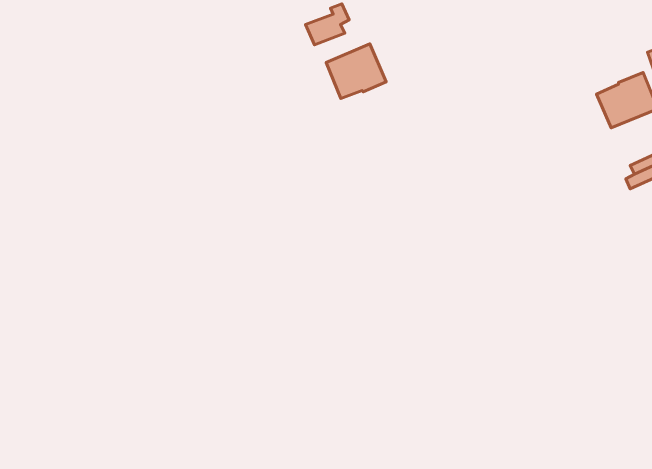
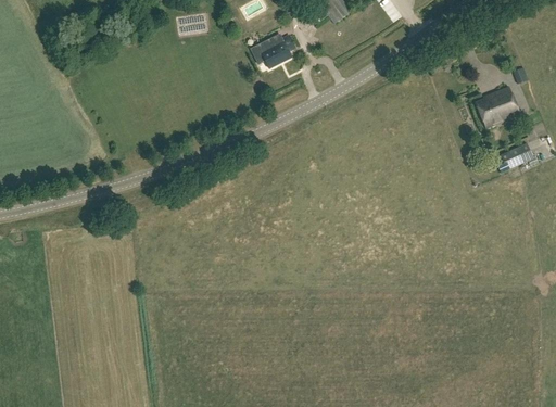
building: [326,44,386,98] -> none

